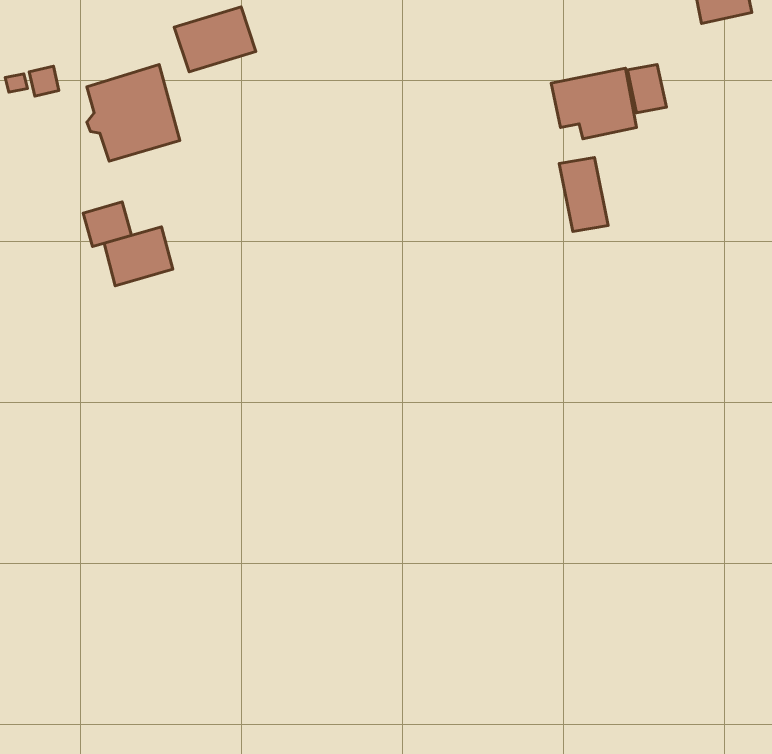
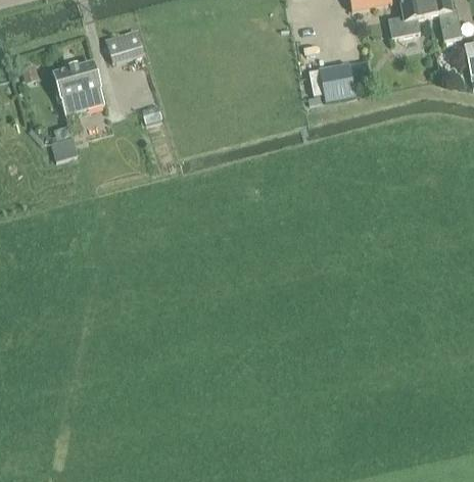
building: [559,157,608,232] -> none
building: [104,227,173,286] -> none

